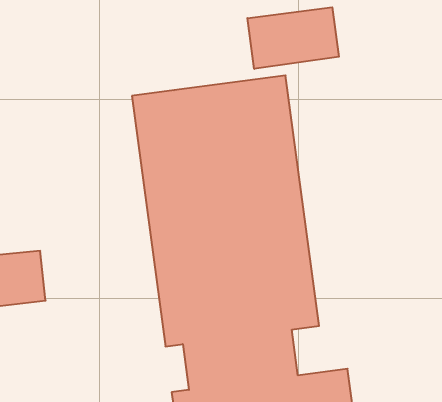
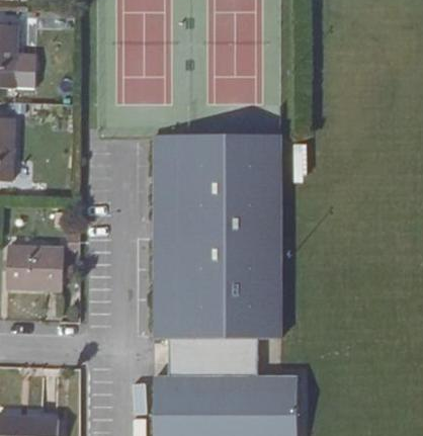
building: [247,7,339,69] -> none

